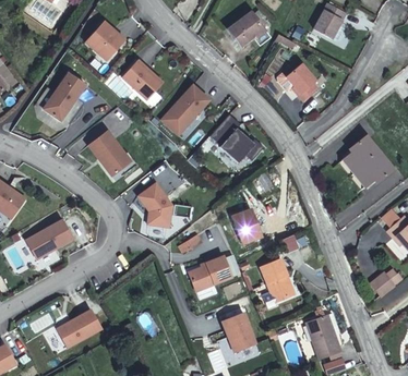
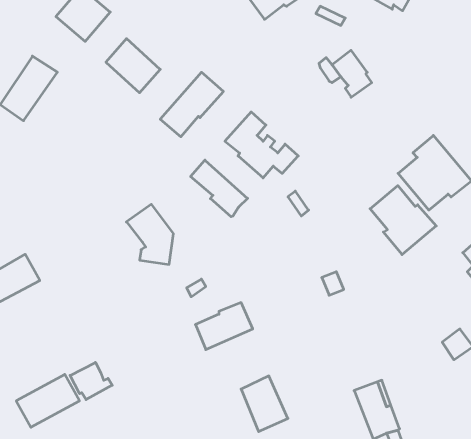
building: [87,130,136,181] -> none
building: none -> [191,160,248,217]
building: none -> [370,186,436,255]
building: [232,208,261,243] -> none
building: [260,256,292,305] -> none
building: none -> [70,362,112,400]

